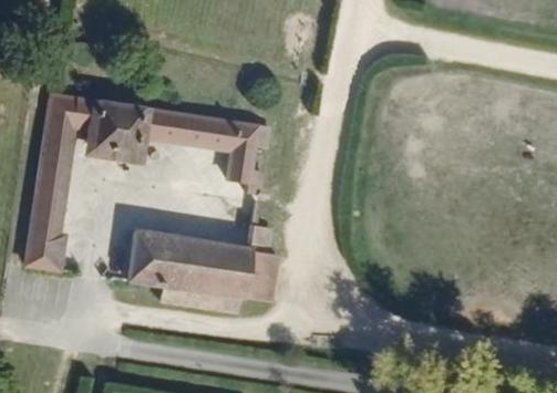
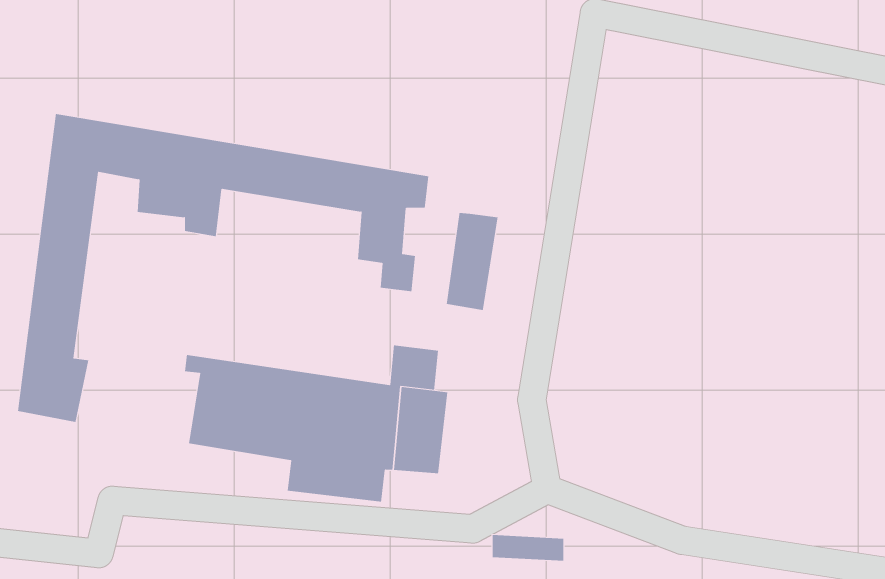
building: none -> [446,212,498,311]

